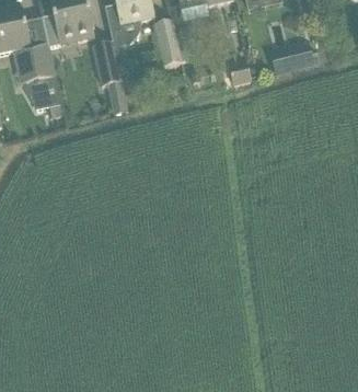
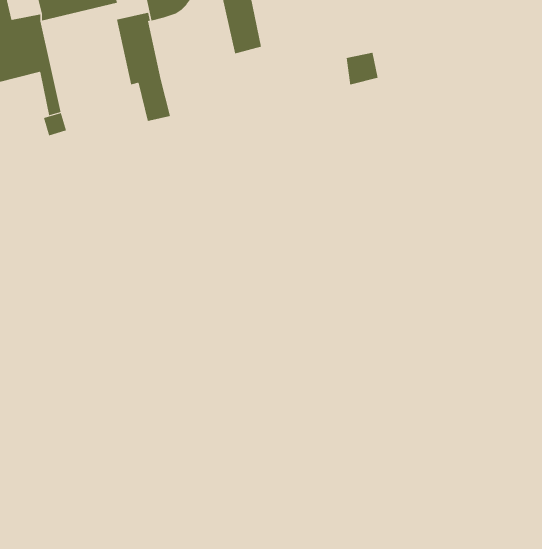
building: [272,43,320,72] -> none

